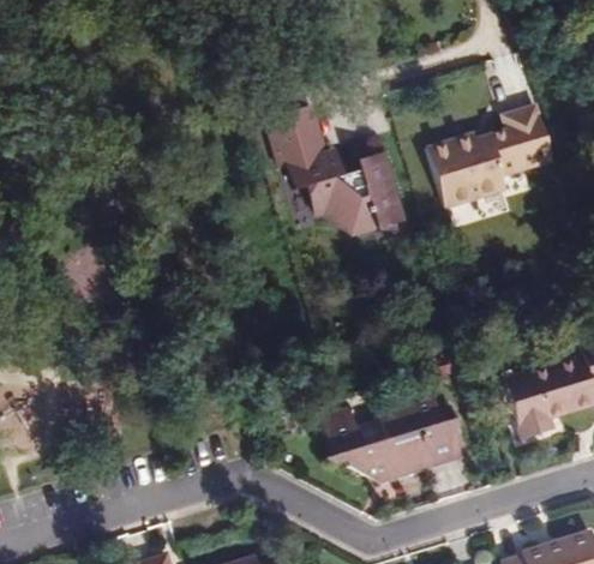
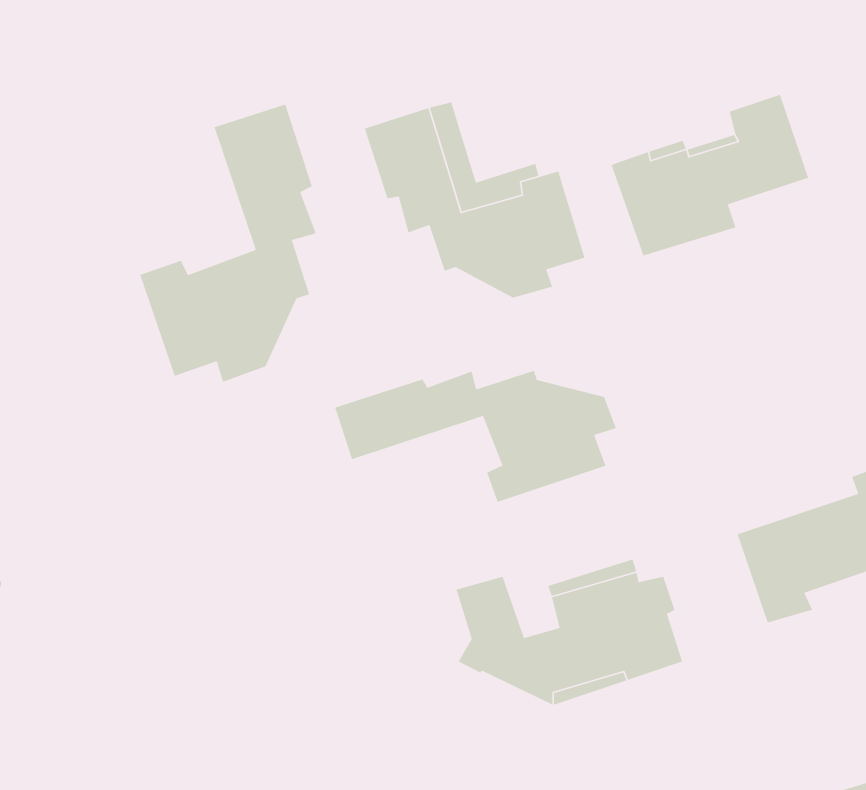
building: none -> [139,103,317,383]
building: none -> [334,370,617,503]

